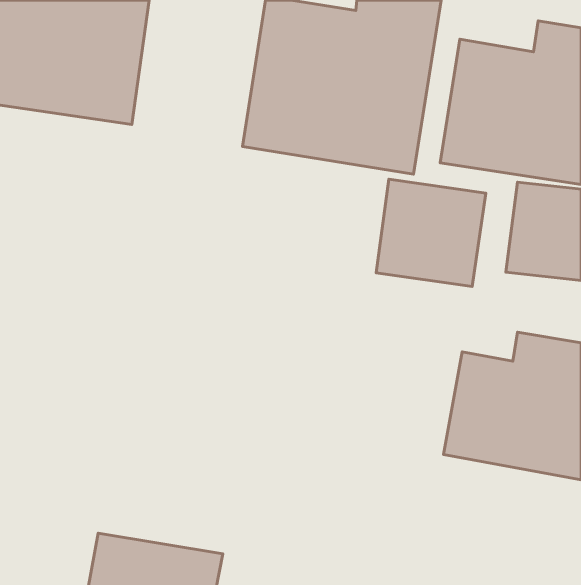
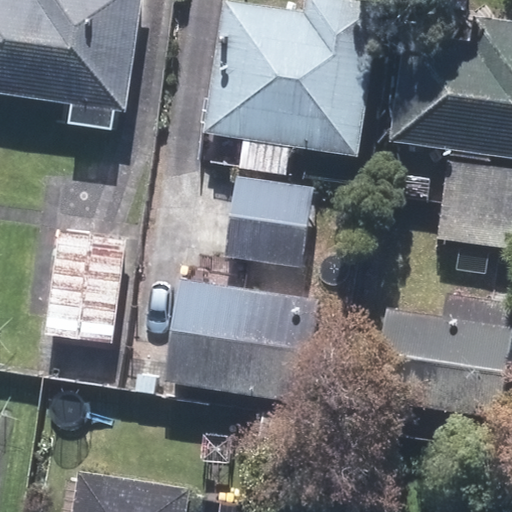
building: [376,179,486,287] -> [225,175,320,268]
building: none -> [46,232,125,346]
building: none -> [168,275,306,399]

